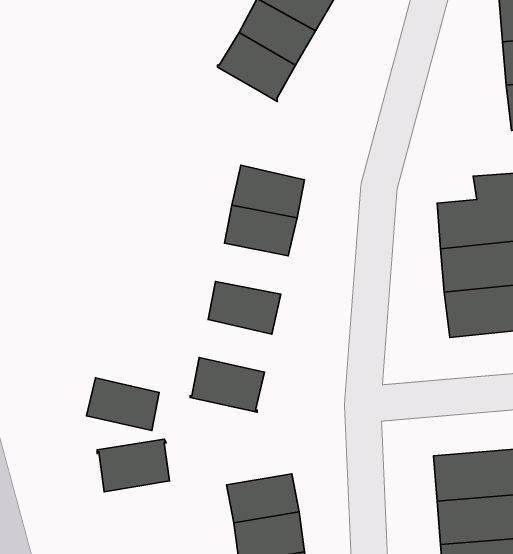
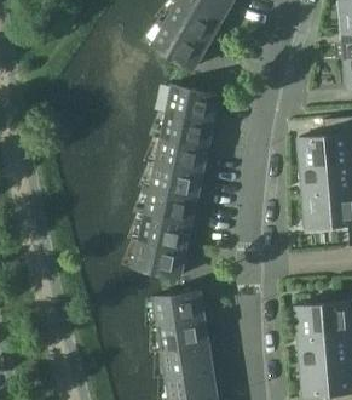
building: none -> [167,86,217,122]
building: none -> [150,165,198,199]
building: [87,378,159,430] -> [139,216,187,251]
building: [97,439,170,492] -> [152,291,201,326]

